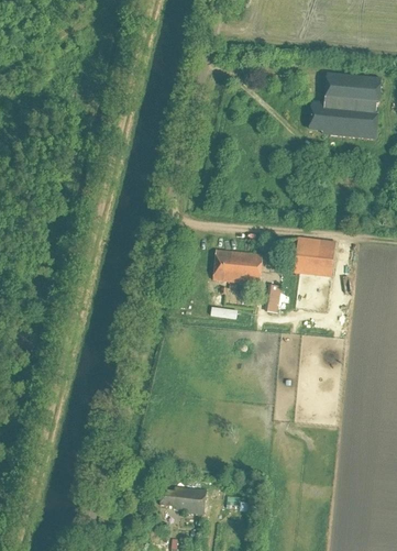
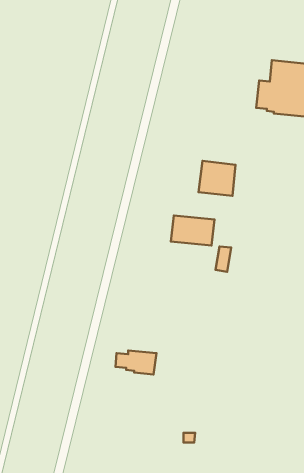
building: [294,236,335,276] -> [199,161,235,196]
building: [161,486,207,514] -> [116,350,156,375]

